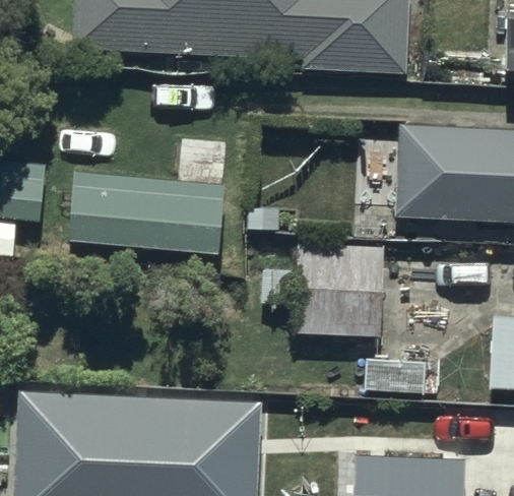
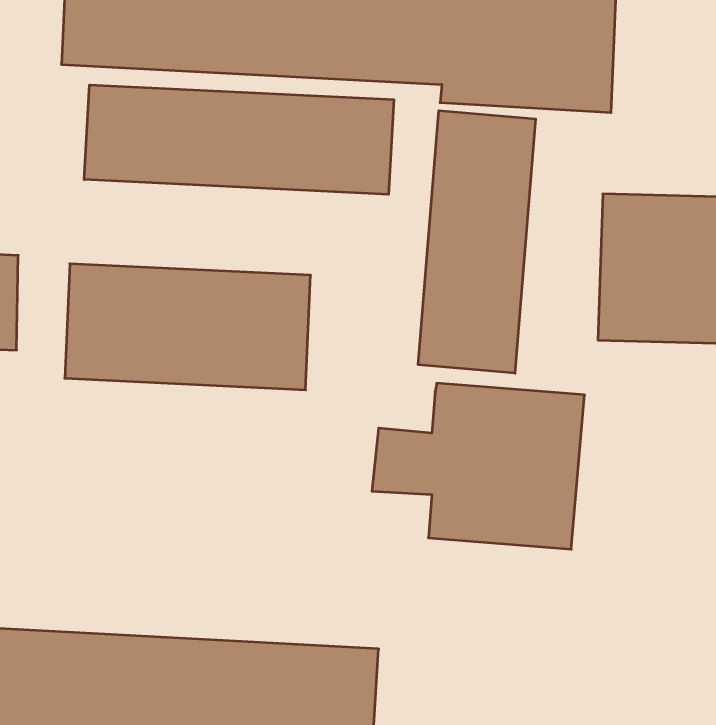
building: none -> [84,85,394,194]
building: none -> [418,111,536,373]

